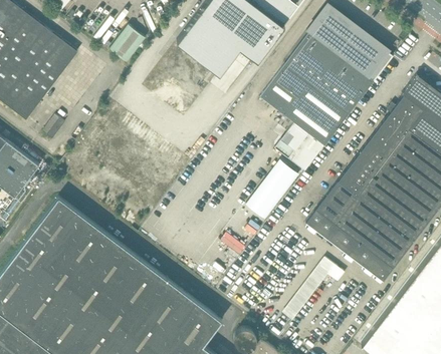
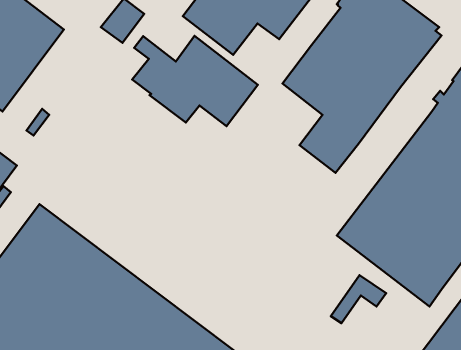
building: none -> [132,36,258,126]
building: [246,160,299,220] -> none

